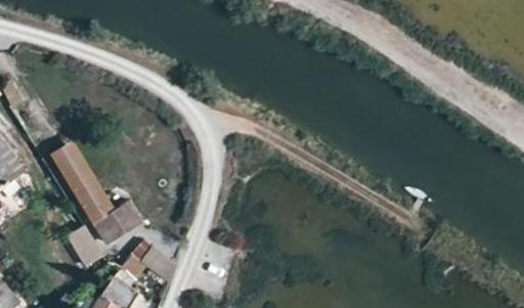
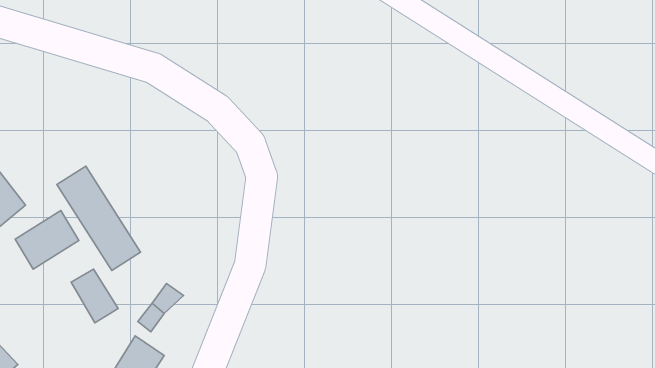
building: [94,203,144,249] -> [15,211,79,269]

